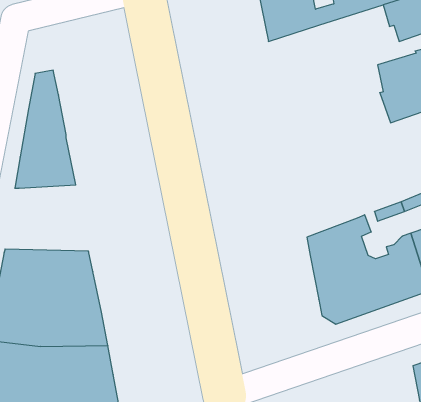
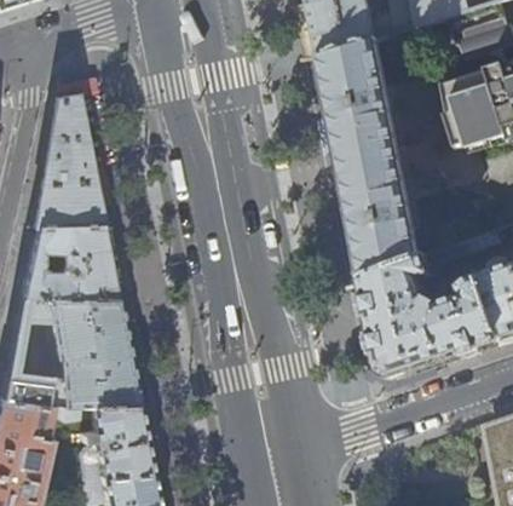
building: none -> [319,41,420,281]
building: none -> [22,222,116,297]

